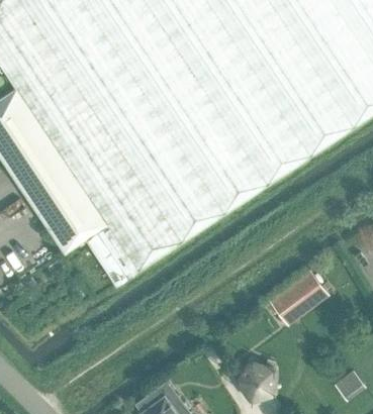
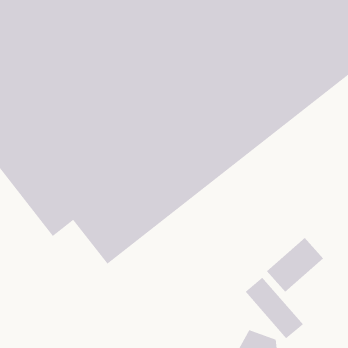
building: none -> [245,277,304,339]

